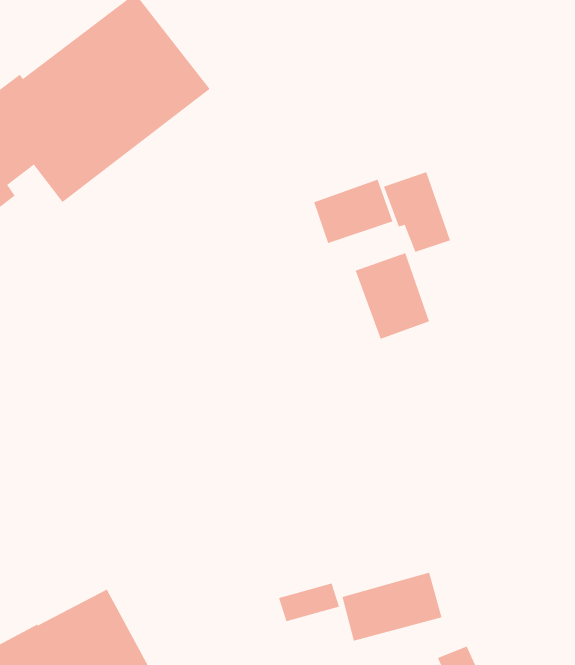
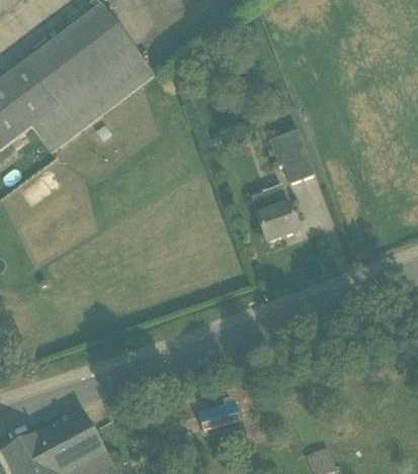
building: [313,179,393,244] -> none
building: [342,572,442,641] -> none

